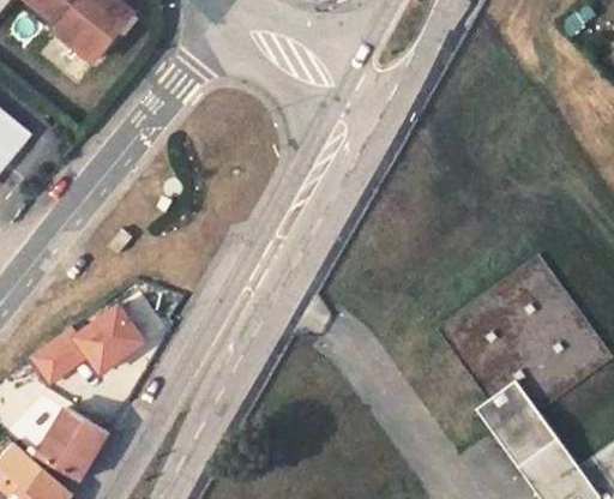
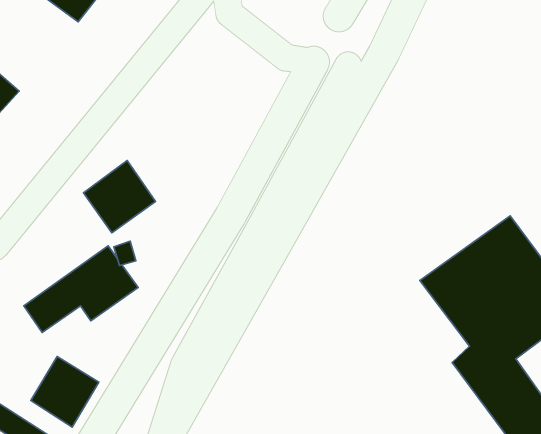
building: none -> [83,160,156,233]

